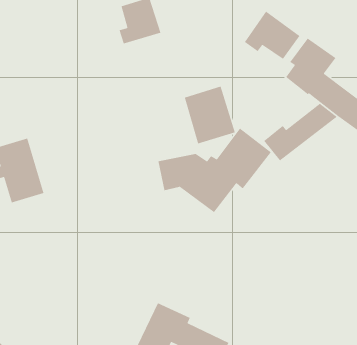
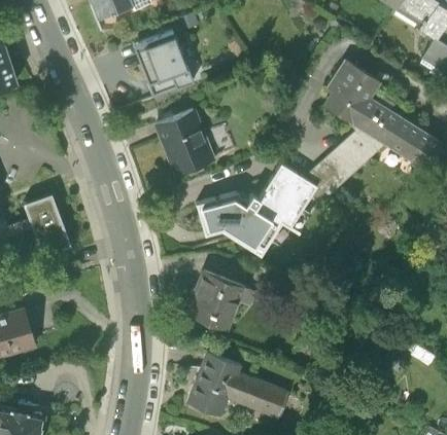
building: [244,11,301,60] -> none
building: [184,86,236,144] -> [156,111,214,176]
building: none -> [188,269,254,330]

